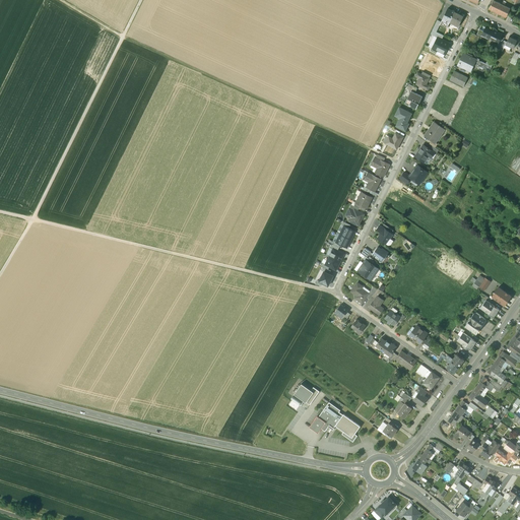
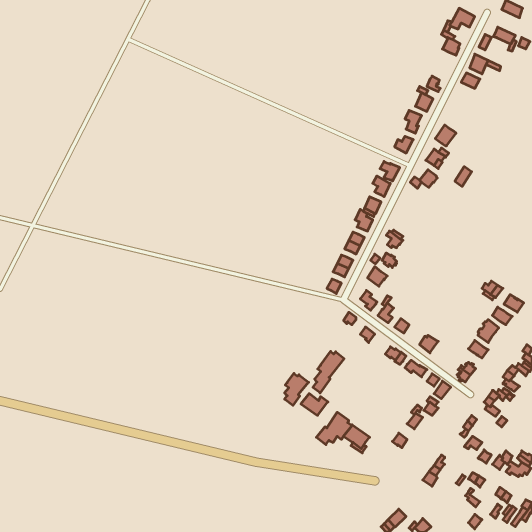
building: none -> [313,351,344,393]
building: none -> [285,373,309,405]

